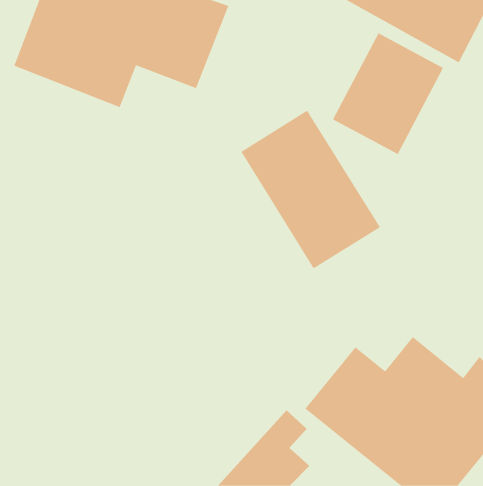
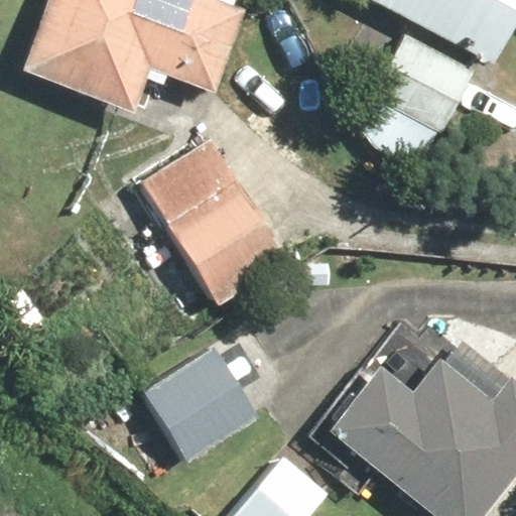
building: [241,110,381,269] -> [141,135,289,303]
building: none -> [142,346,257,460]

